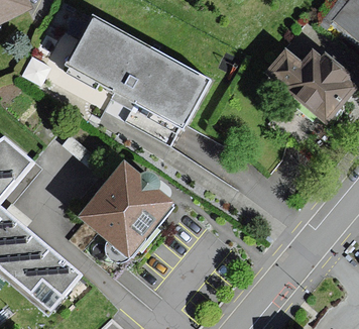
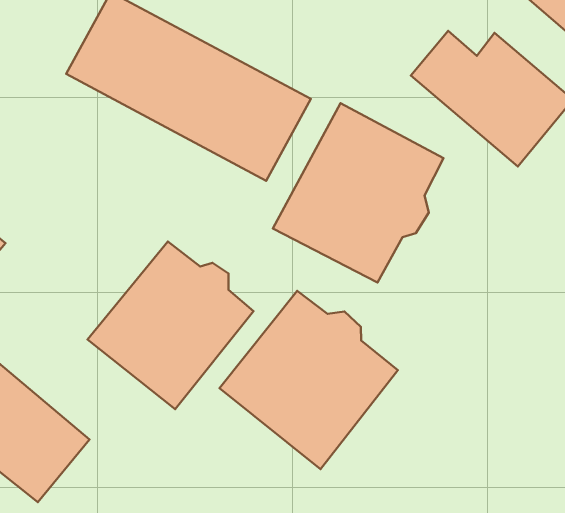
building: none -> [273,103,443,283]
building: none -> [219,291,398,469]

